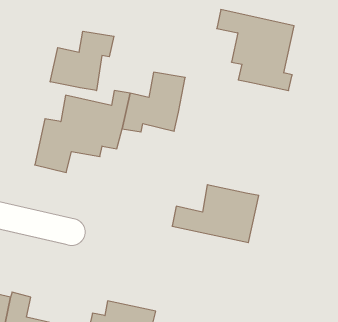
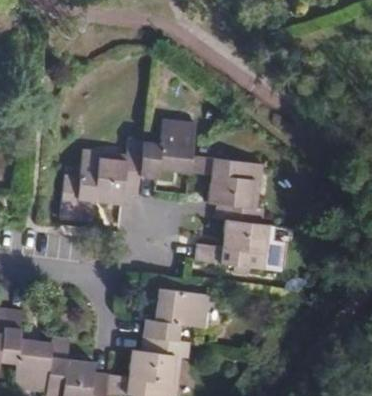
building: [217,10,294,91] -> [189,154,264,223]
building: [50,31,114,91] -> none
building: none -> [143,288,208,342]

